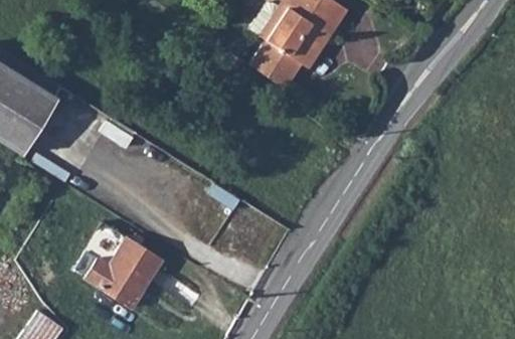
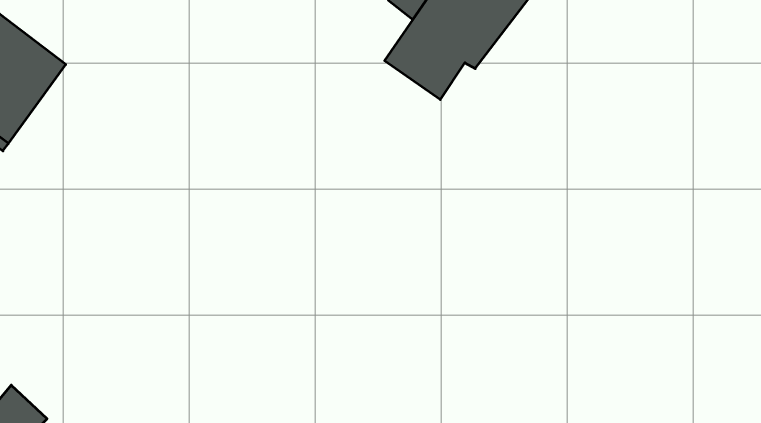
building: [88,230,166,302] -> none

